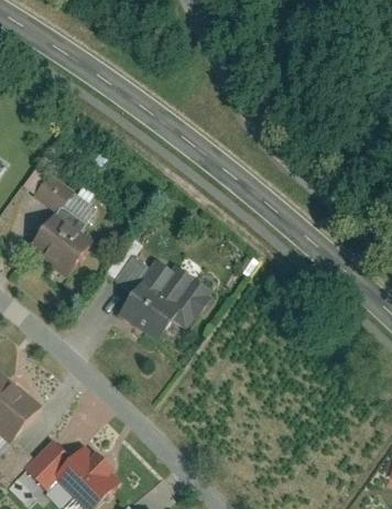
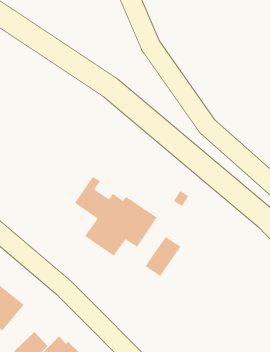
building: [22,165,97,274] -> none
building: none -> [145,236,181,277]

